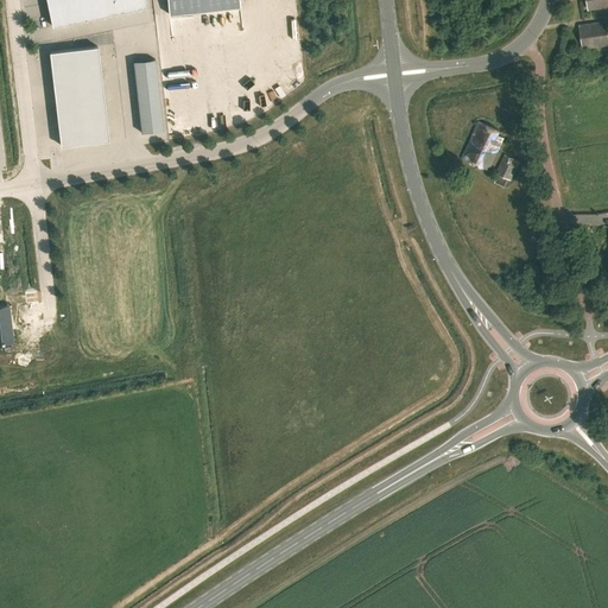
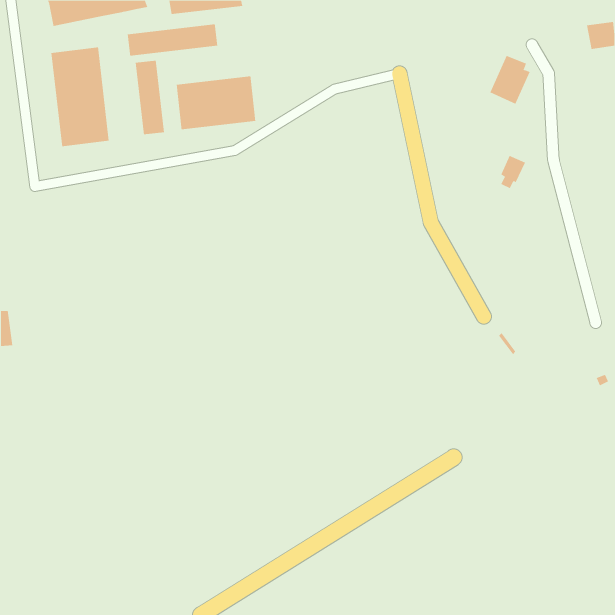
building: none -> [127,24,218,56]
building: none -> [176,75,256,130]
building: [462,122,502,171] -> [489,55,530,104]

